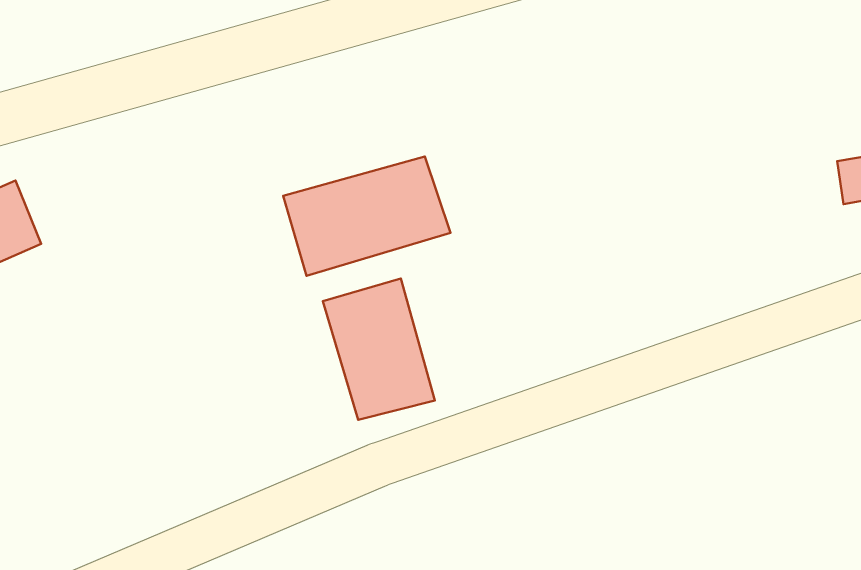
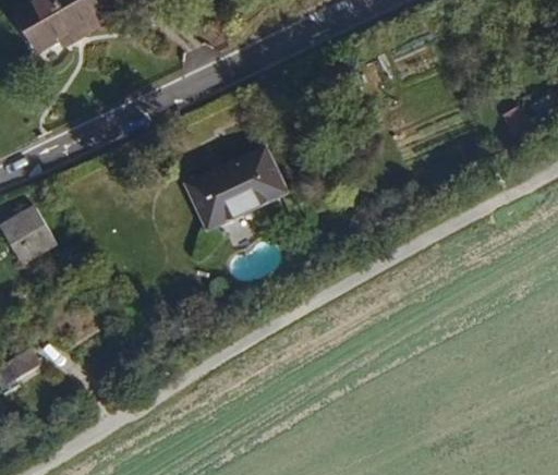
building: [323,279,435,420] -> none

